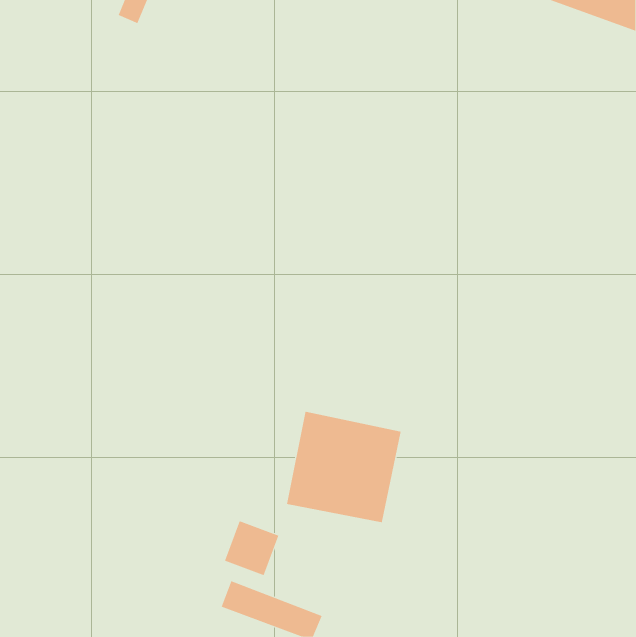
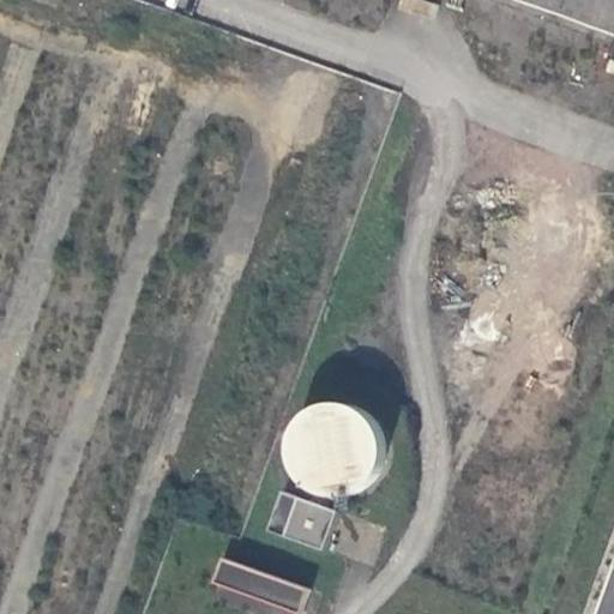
building: [224,521,279,576] -> [283,498,336,550]

